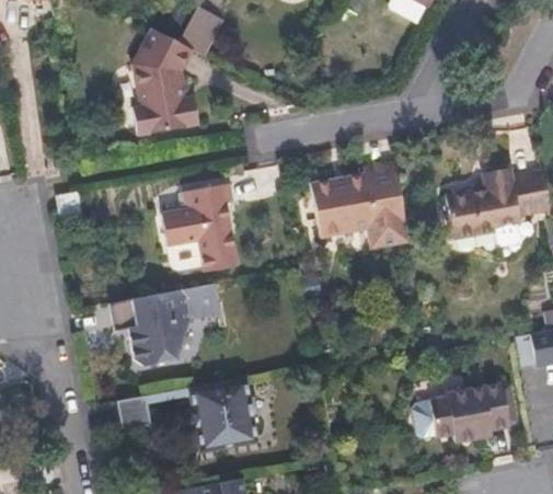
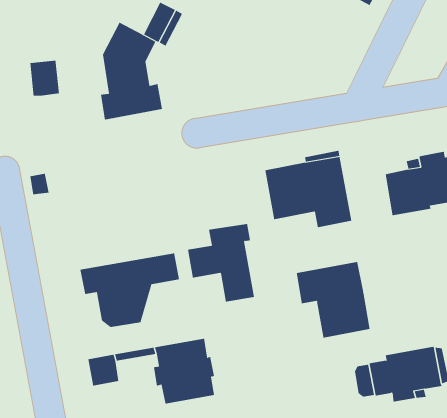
building: none -> [30,60,59,97]
building: [162,183,237,269] -> [187,223,255,302]
building: none -> [296,261,370,339]

